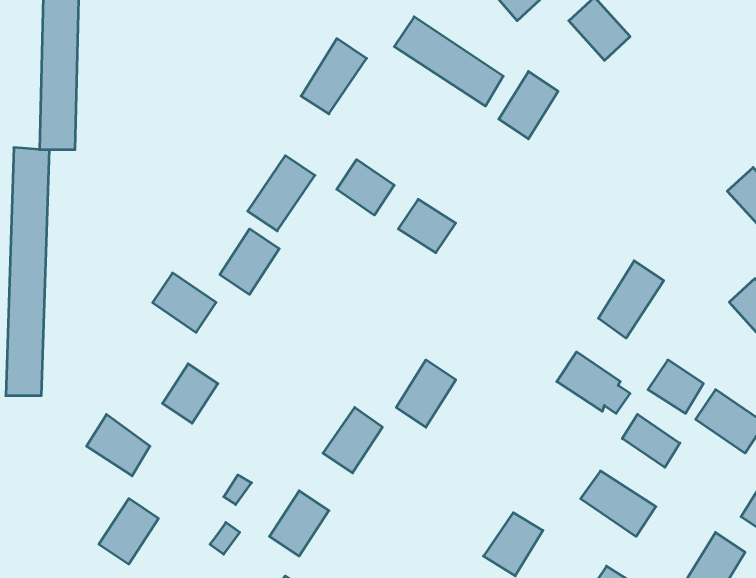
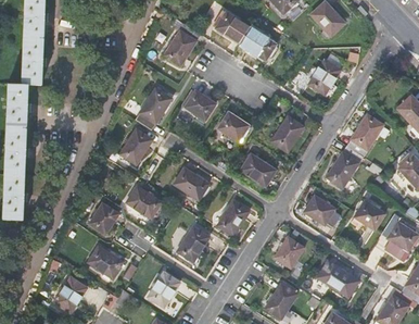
building: [499,71,558,139] -> [308,58,341,95]
building: none -> [347,114,383,155]
building: none -> [271,115,304,150]
building: [153,273,216,332] -> [127,185,162,217]
building: none -> [241,153,276,186]
building: none -> [176,167,211,199]
building: [622,414,680,467] -> none
building: [87,414,150,476] -> [88,244,123,277]
building: none -> [276,236,304,267]

